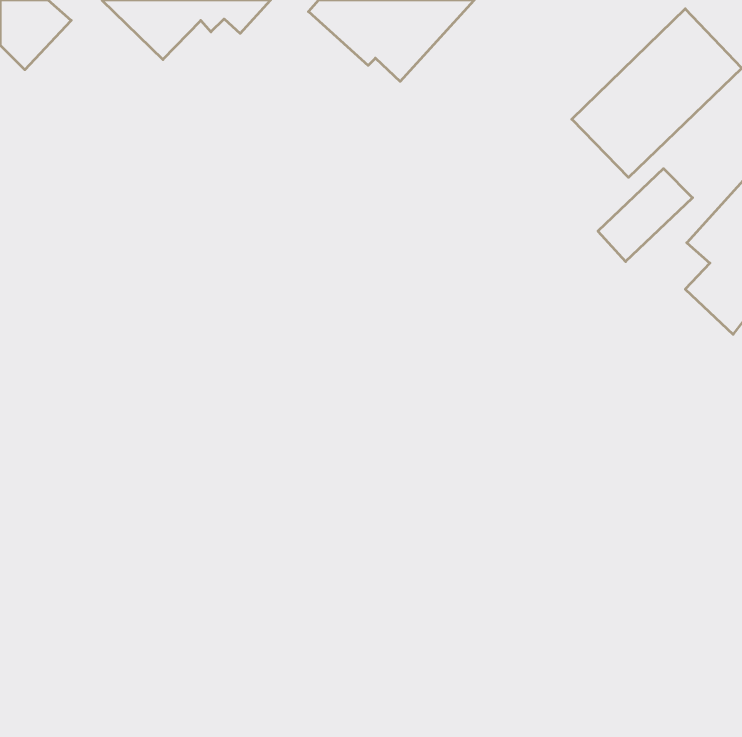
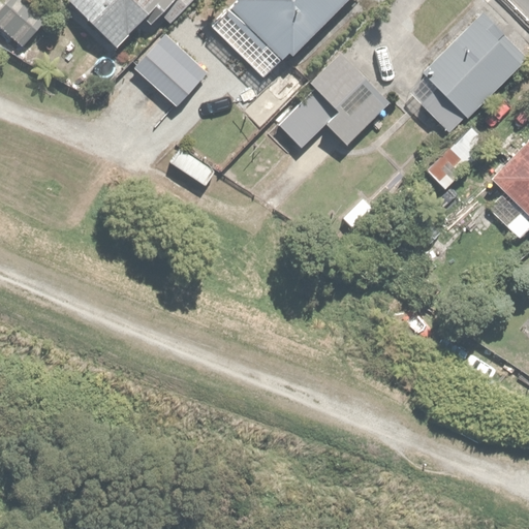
building: none -> [136,35,207,104]
building: none -> [264,51,390,161]

